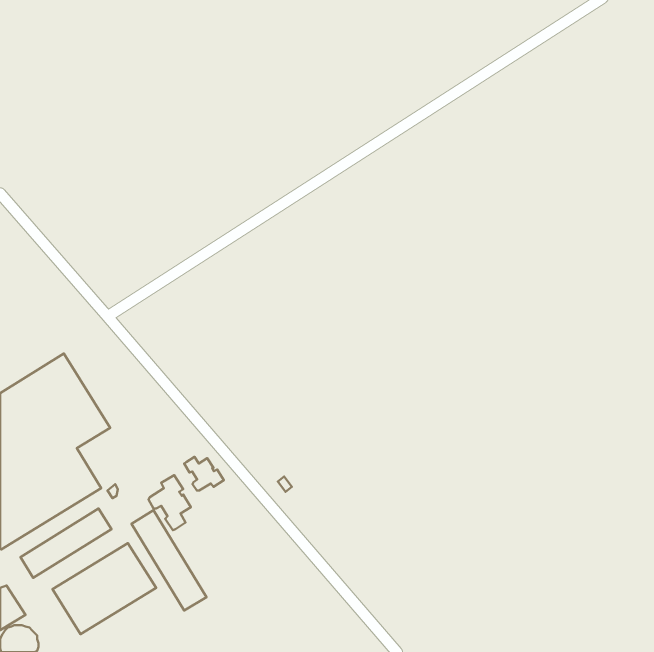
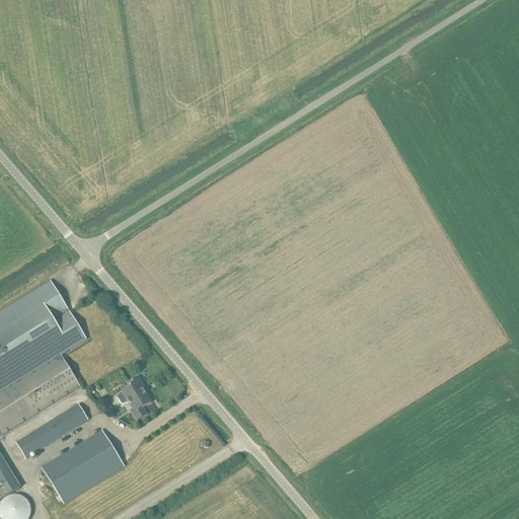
building: [184,457,224,491] -> none
building: [131,510,207,611] -> none

